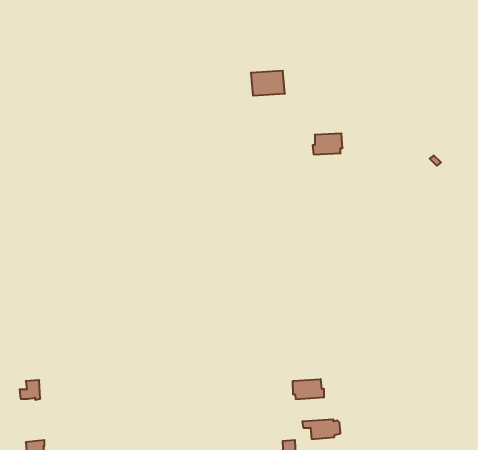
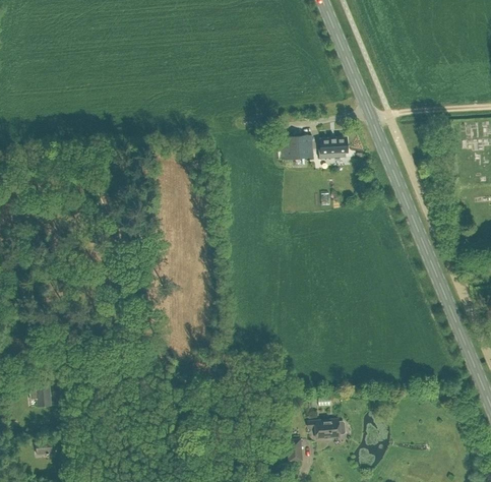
building: [251,71,285,96] -> [281,136,314,161]
building: [293,379,324,399] -> none

